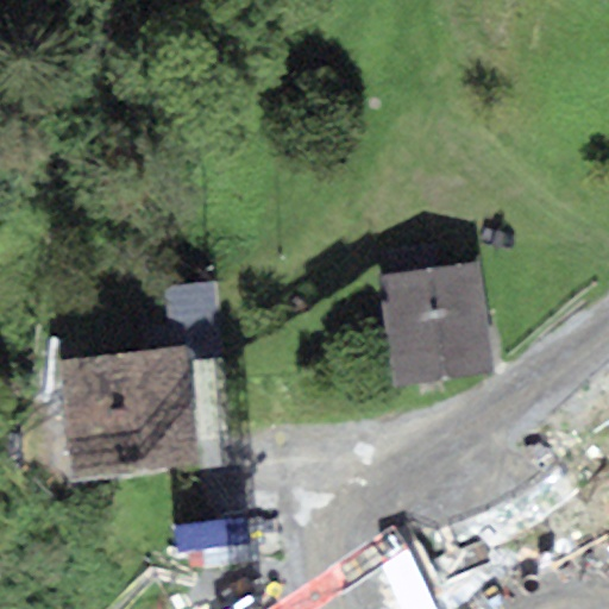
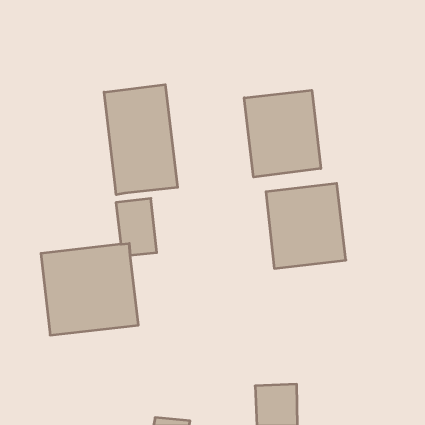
building: none -> [104,85,178,195]
building: none -> [244,90,321,177]

